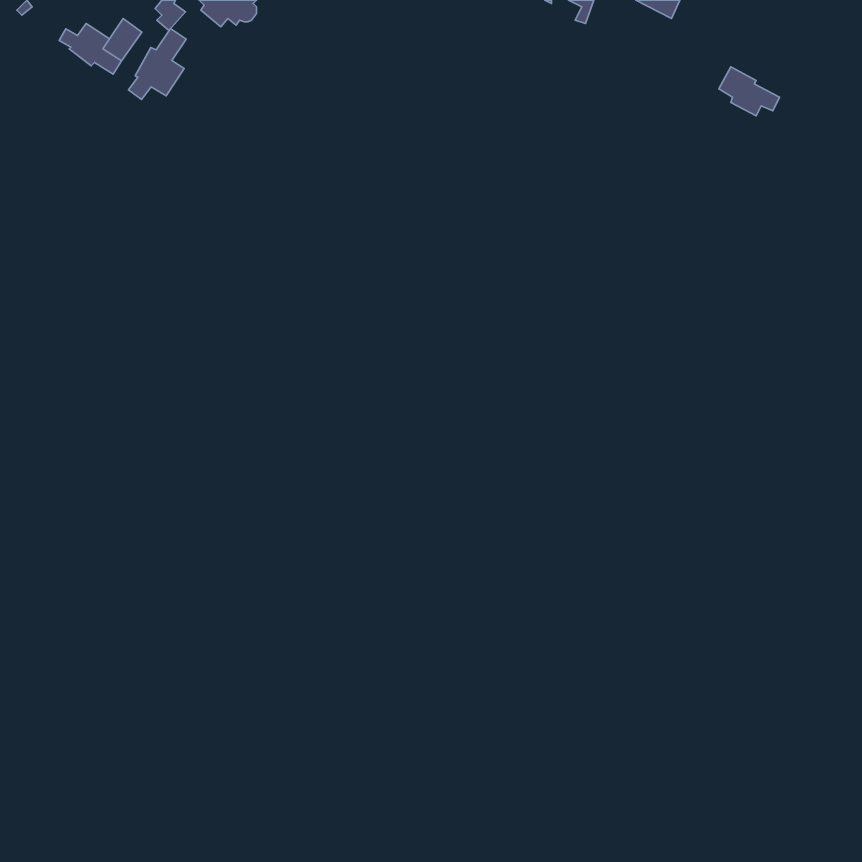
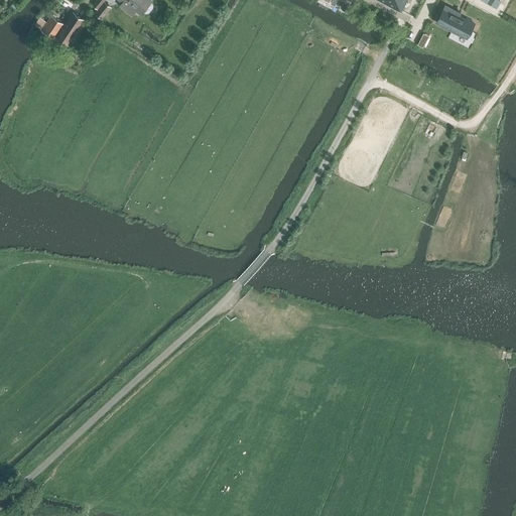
building: [128,28,186,100] -> none
building: [719,67,780,116] -> [438,5,475,34]

